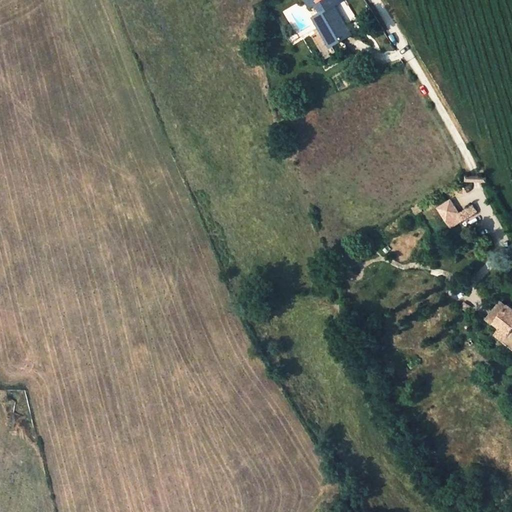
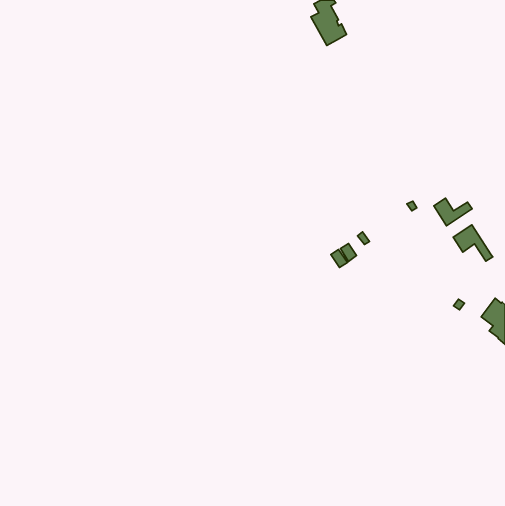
building: none -> [453,225,493,261]

